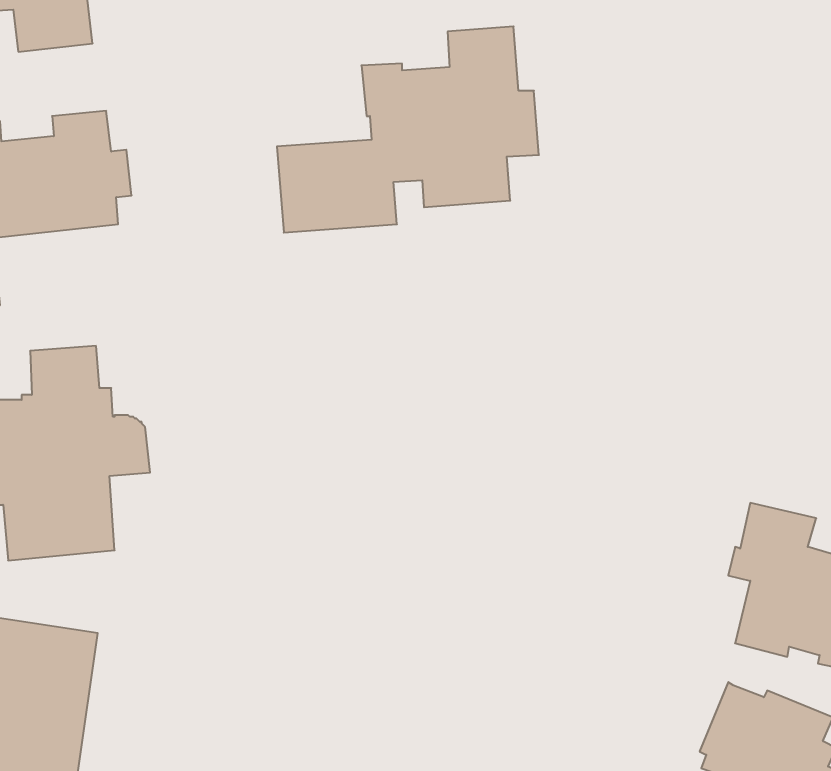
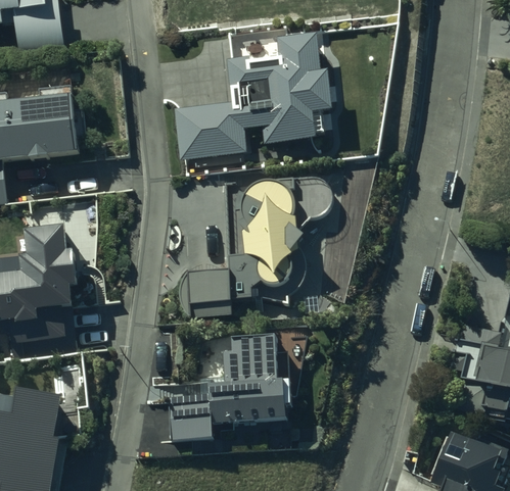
building: none -> [178,177,332,316]
building: none -> [169,336,290,440]

